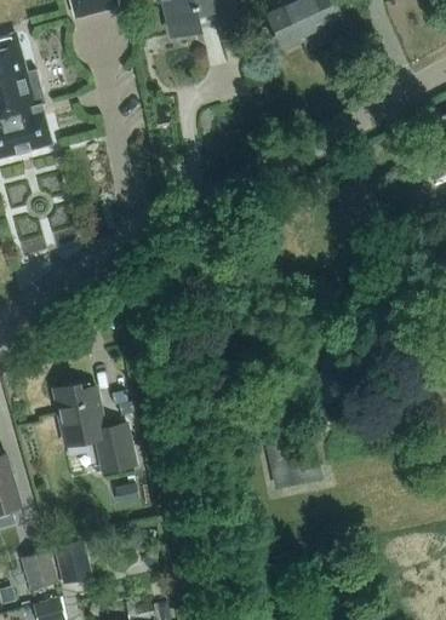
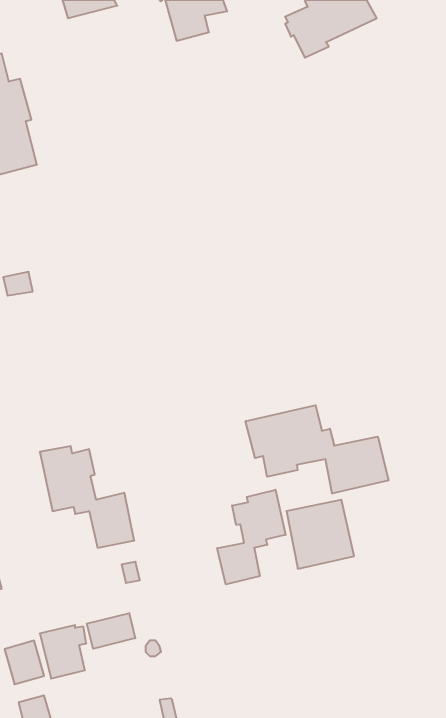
building: none -> [246,405,389,494]
building: none -> [217,490,286,584]
building: none -> [87,613,135,649]

